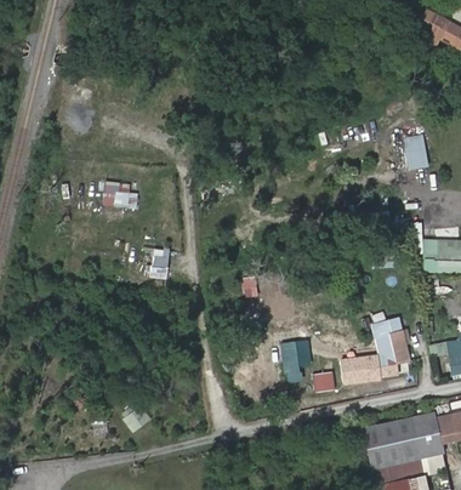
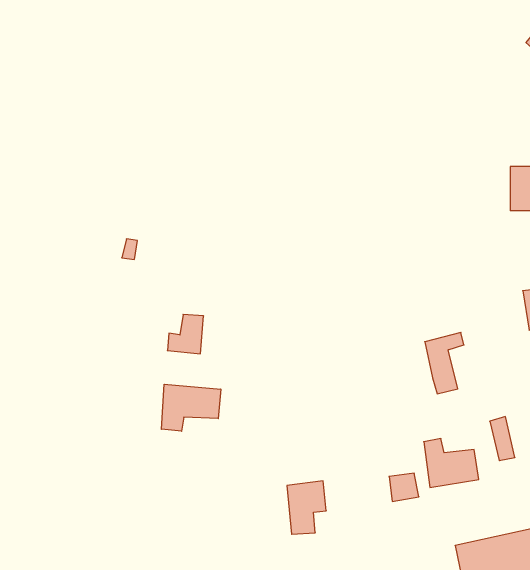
building: none -> [161,384,221,431]
building: [372,318,403,365] -> [425,332,464,394]
building: [280,341,311,382] -> [287,481,326,534]

